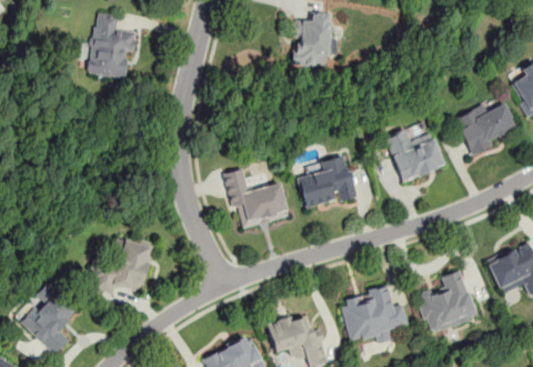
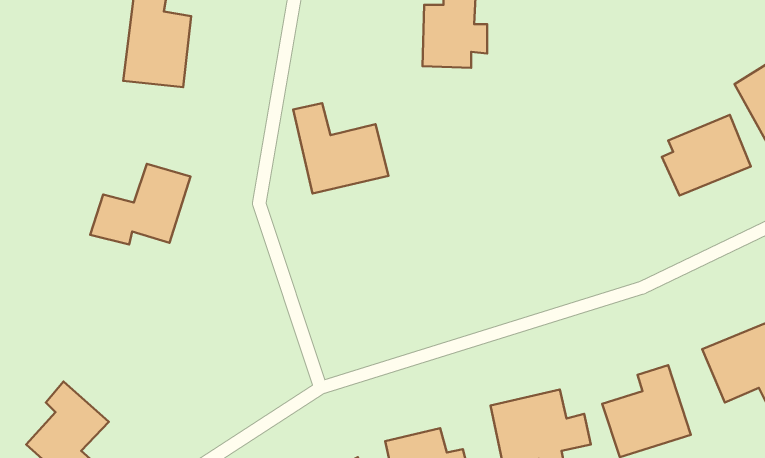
building: [383,130,445,184] -> none
building: [298,152,358,210] -> none
building: [224,168,290,230] -> [293,103,389,193]
building: [86,238,154,294] -> [90,164,190,244]

